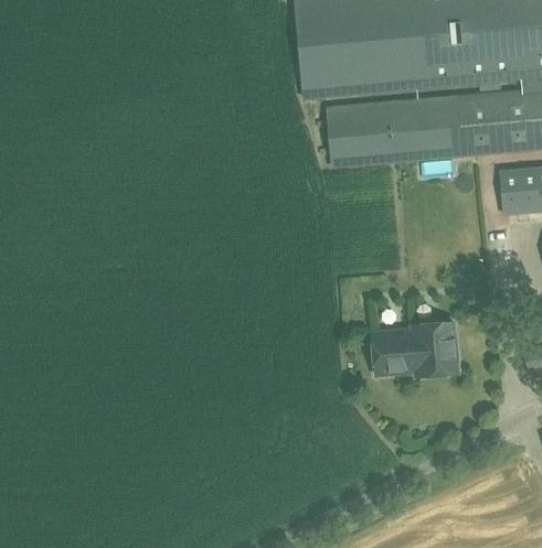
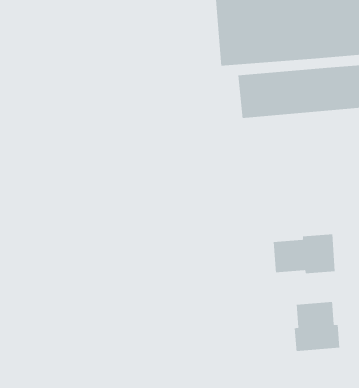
building: none -> [294,301,340,352]

